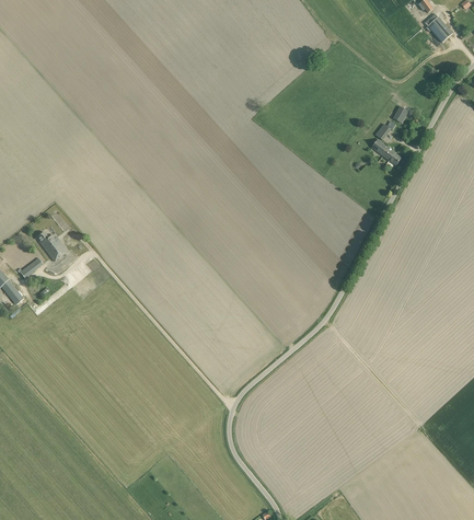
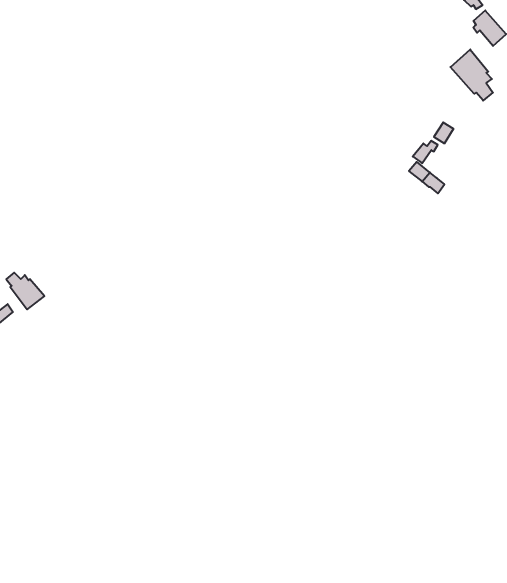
building: none -> [450,49,493,101]

